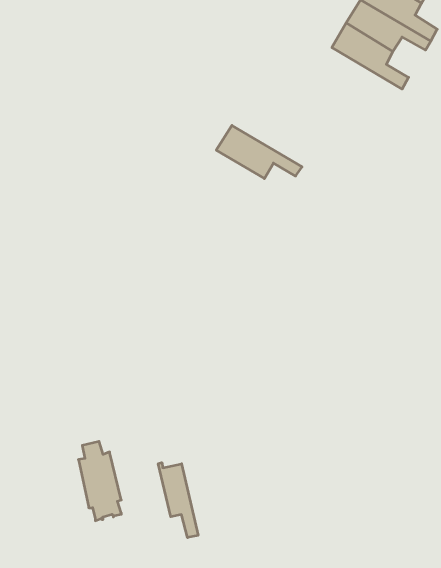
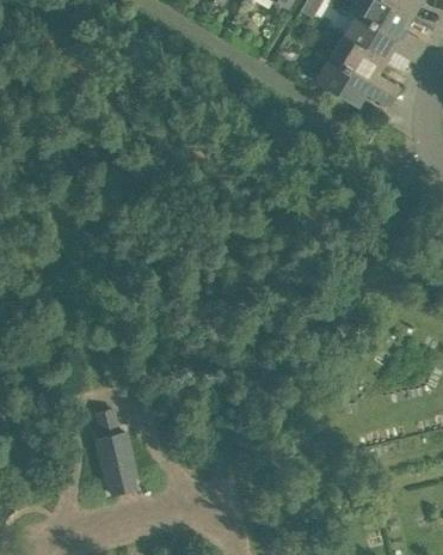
building: [216,125,302,179] -> [315,59,394,108]
building: [158,463,198,538] -> none

